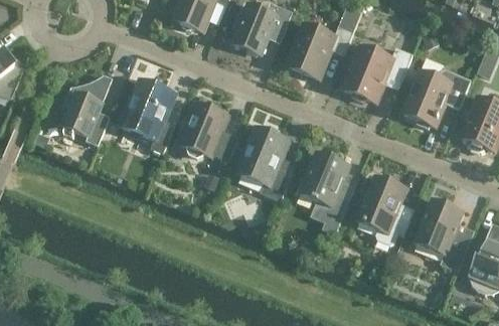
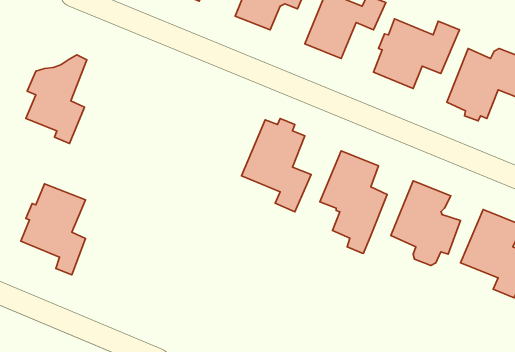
building: [122,78,174,152] -> [21,184,86,275]
building: [180,102,238,162] -> none

